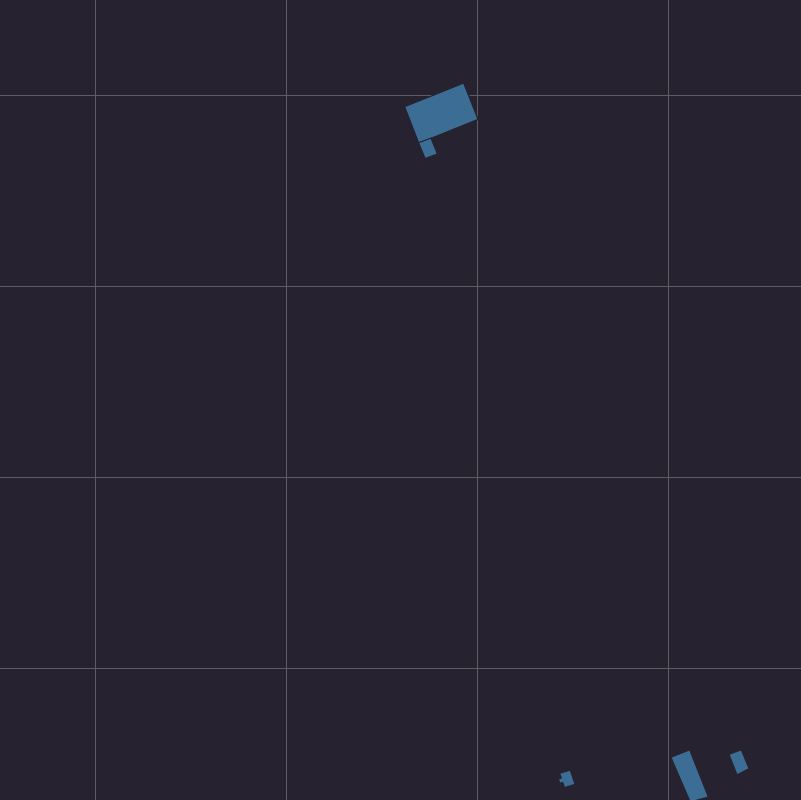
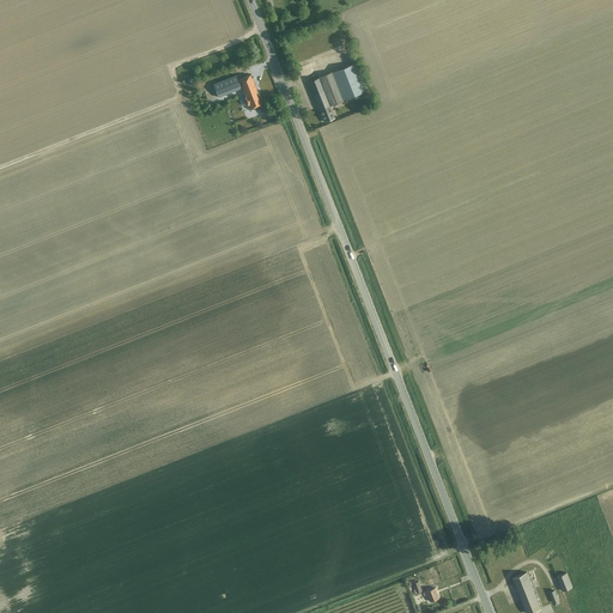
building: none -> [214,75,262,111]

